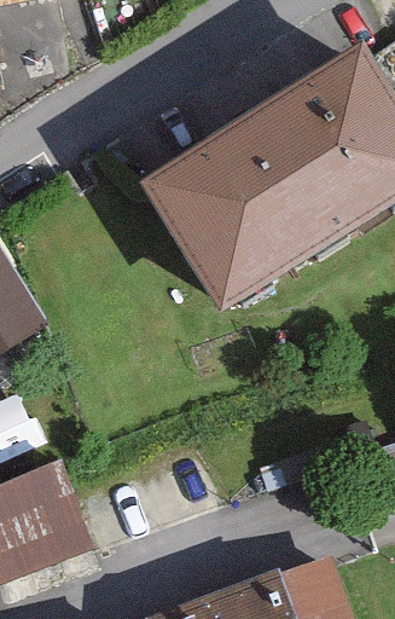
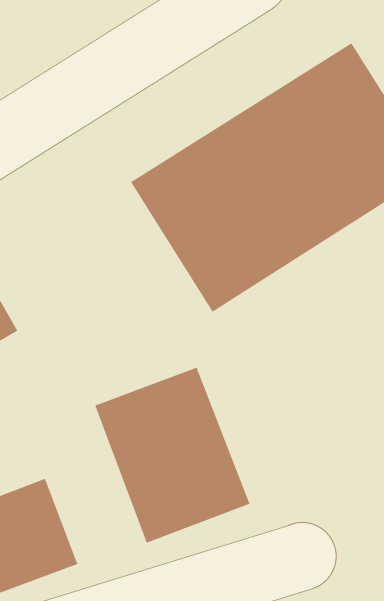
building: none -> [95,367,250,543]

